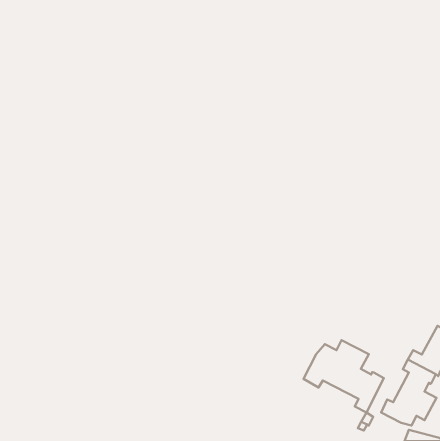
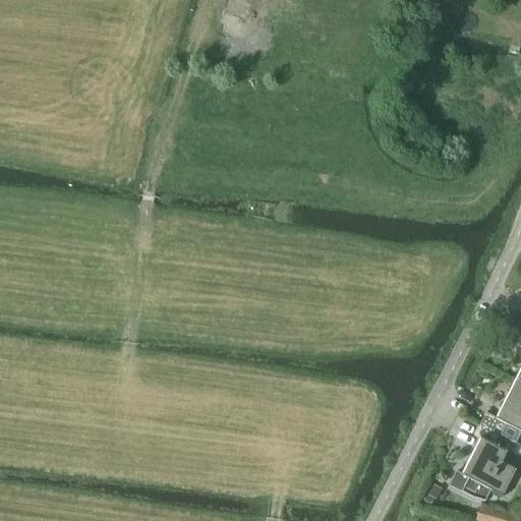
building: [304,340,384,412] -> none

